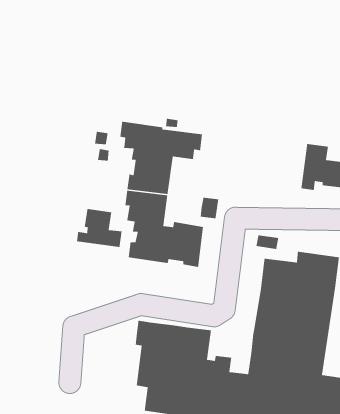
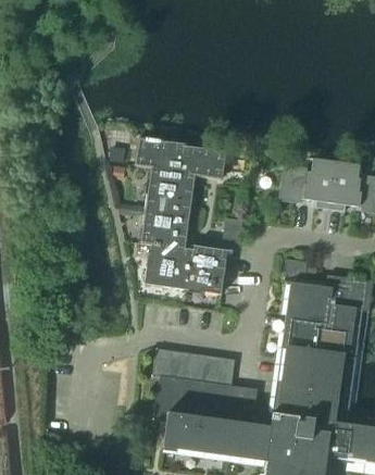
building: none -> [283,158,336,210]
building: [76,208,122,248] -> none

